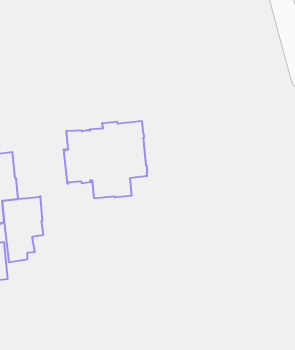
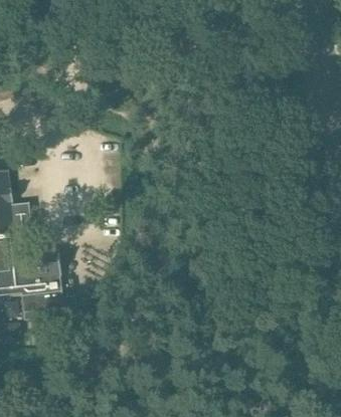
building: [64,121,147,198] -> none

